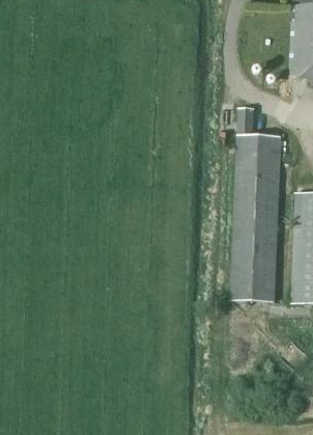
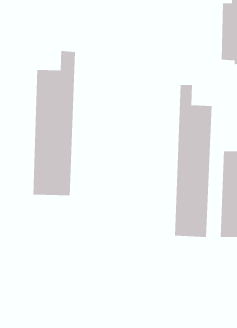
building: none -> [33,50,76,196]

